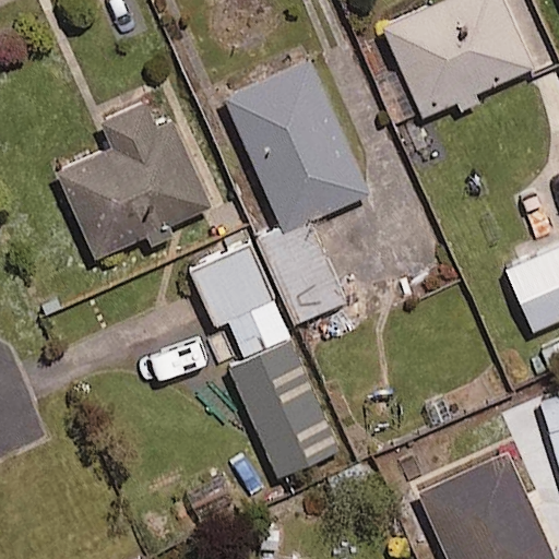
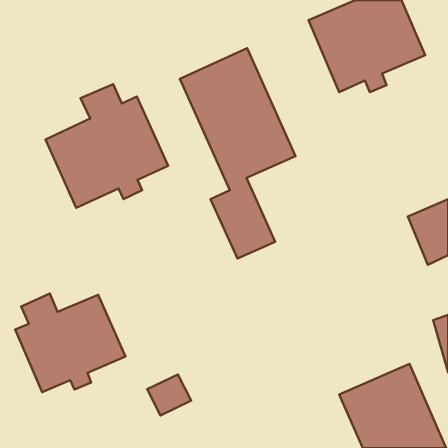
building: [193,247,337,476] -> none
building: none -> [15,293,125,392]

